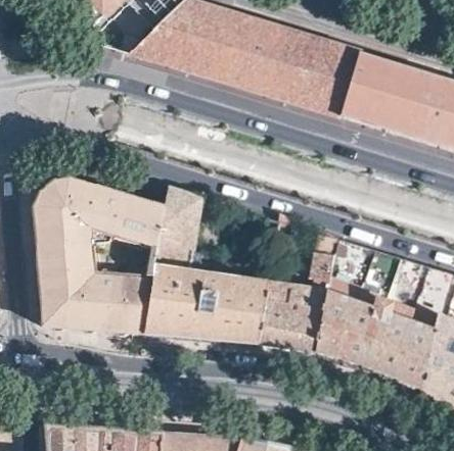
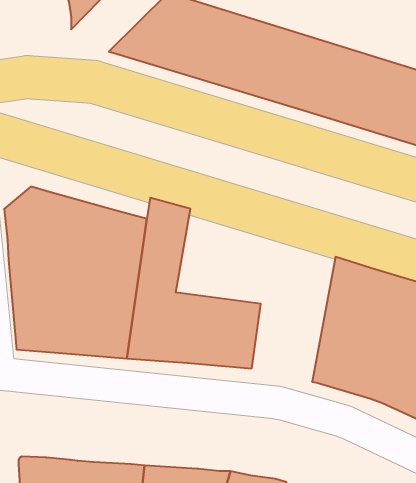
building: [261,226,337,354] -> none

